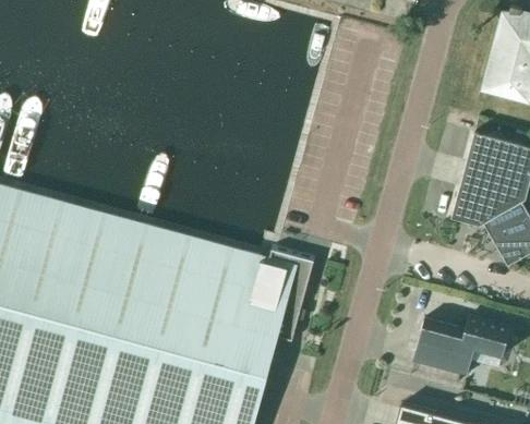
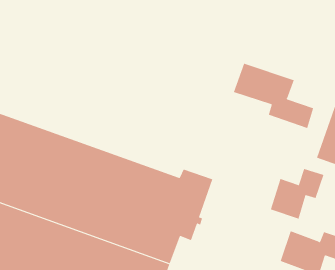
building: none -> [233,63,314,129]
building: none -> [270,168,324,220]

